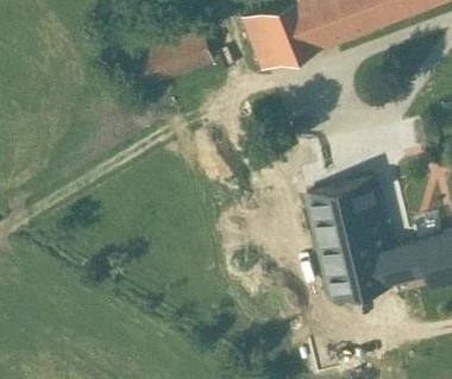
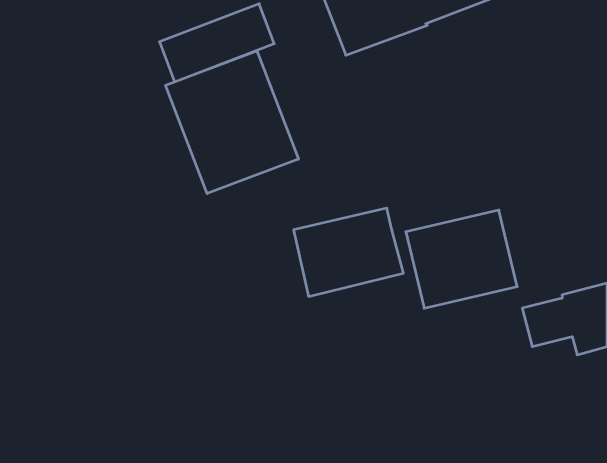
building: none -> [166,51,298,194]
building: [319,235,397,298] -> [294,208,403,296]

